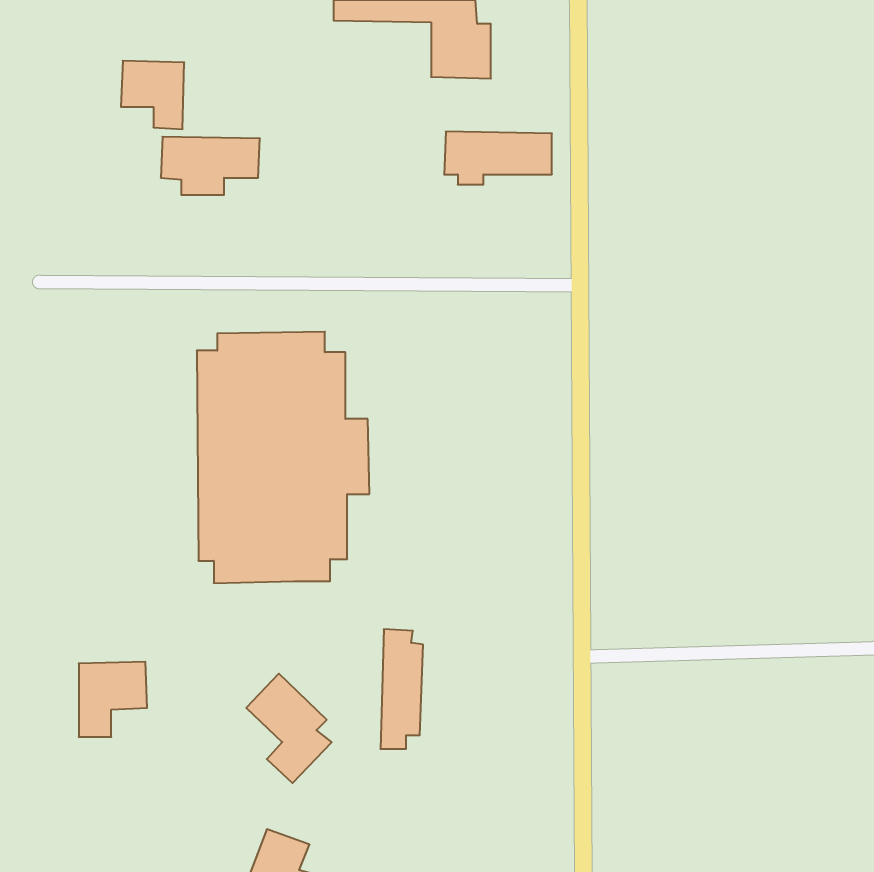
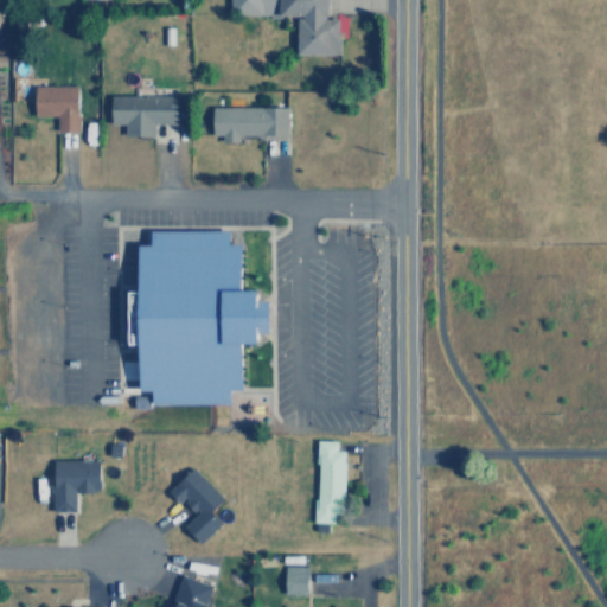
building: [121,61,184,129] -> [36,85,79,133]
building: [444,132,552,185] -> [213,107,288,143]
building: [380,629,423,749] -> [317,440,346,523]
building: none -> [286,567,309,595]

